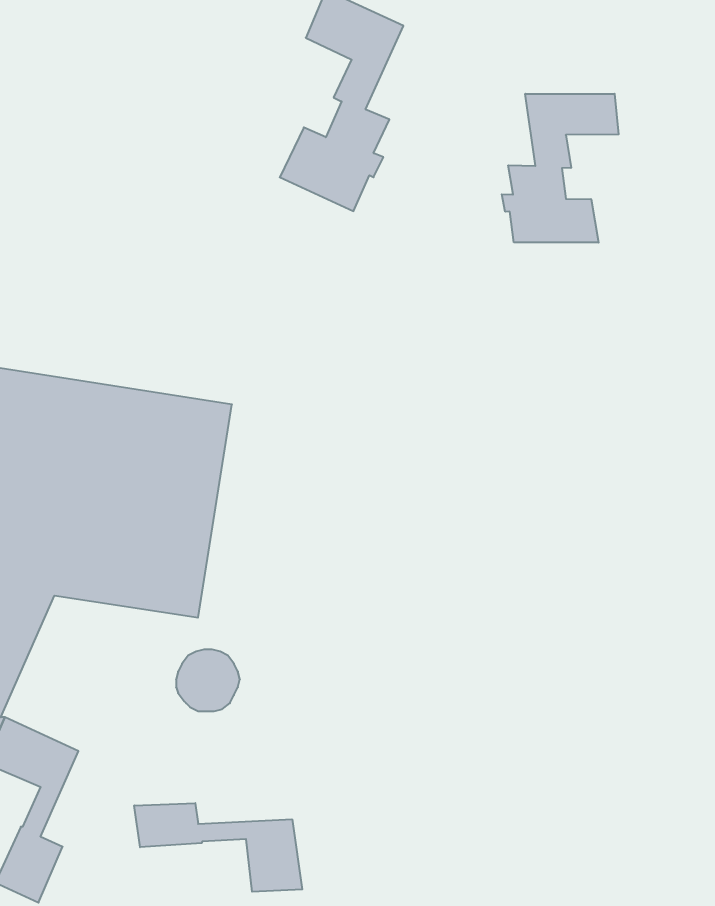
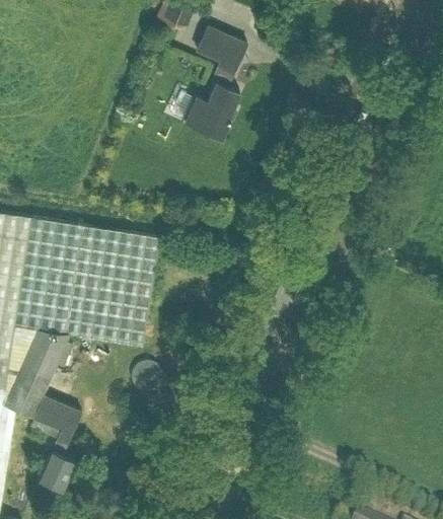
building: [502,94,619,243] -> none
building: [134,803,302,892] -> none

